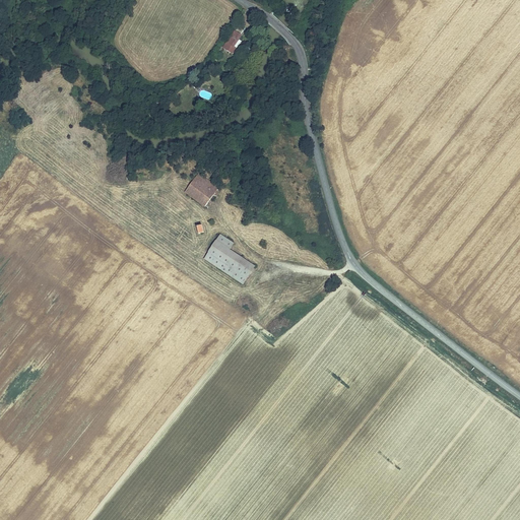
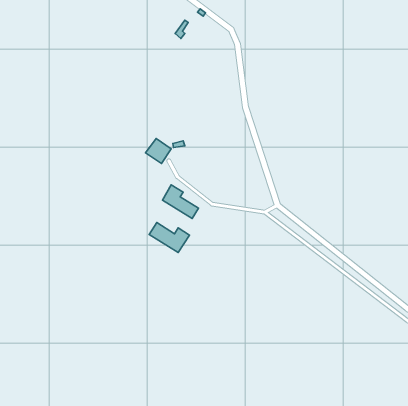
building: none -> [149,222,190,253]

